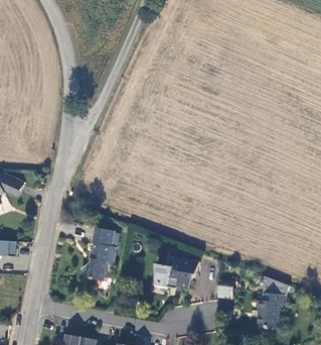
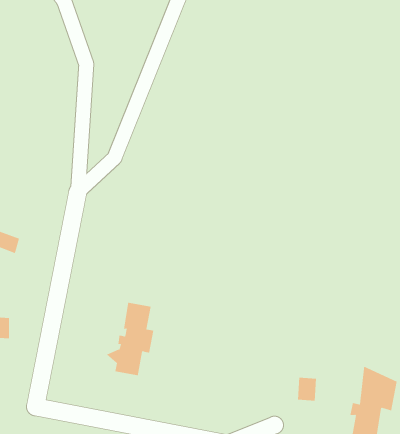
building: [155,255,197,288] -> none

